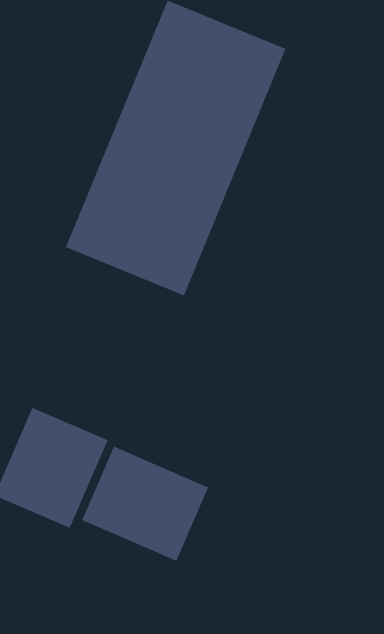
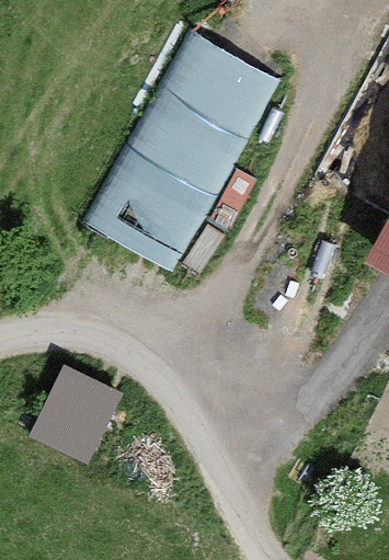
building: [81,446,209,562] -> none

